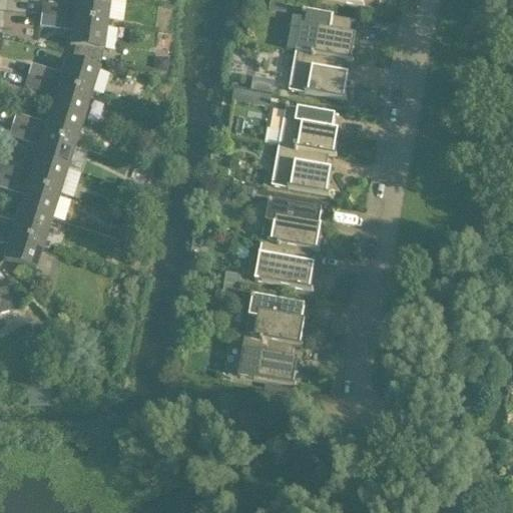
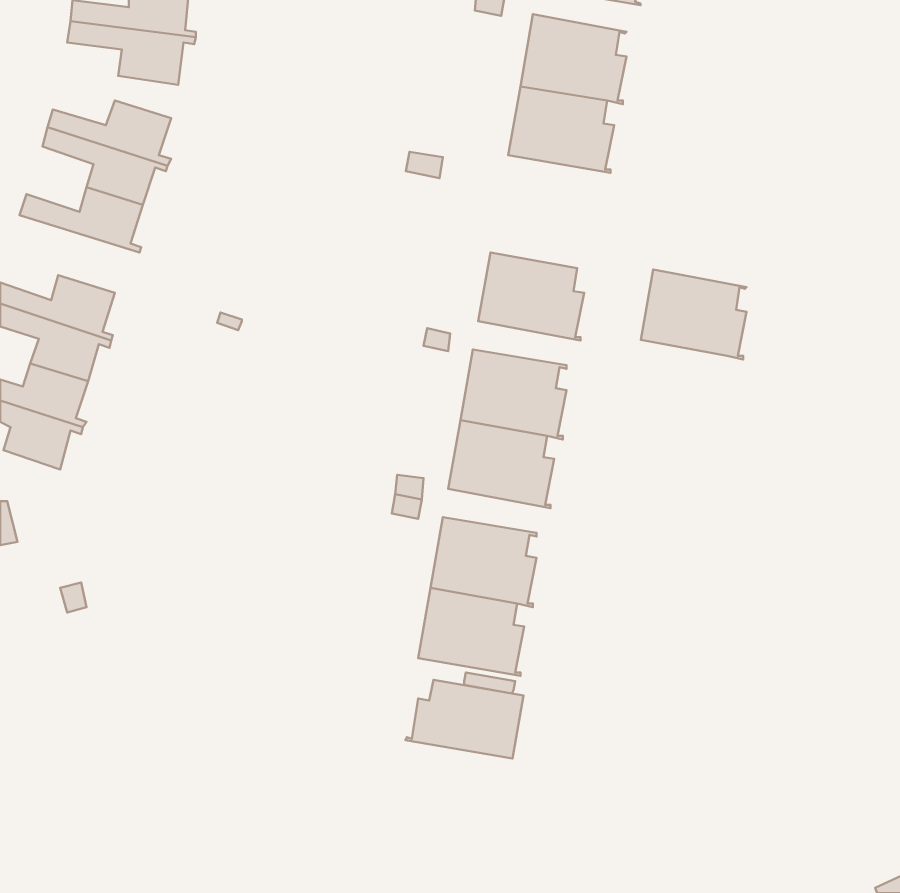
building: [280,103,340,154] -> [641,269,747,359]
building: [8,122,80,166] -> none
building: none -> [406,680,524,758]

